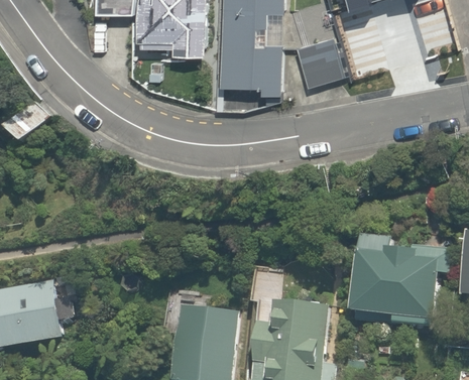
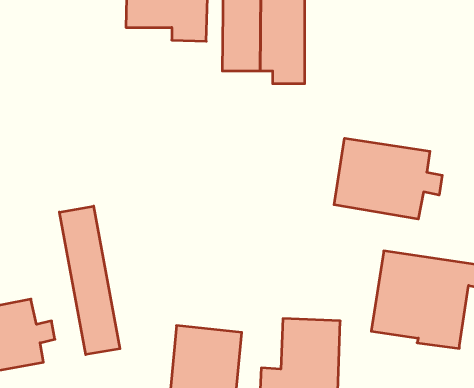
building: [296,37,344,89] -> none
building: none -> [334,138,442,219]
building: none -> [59,206,120,355]

